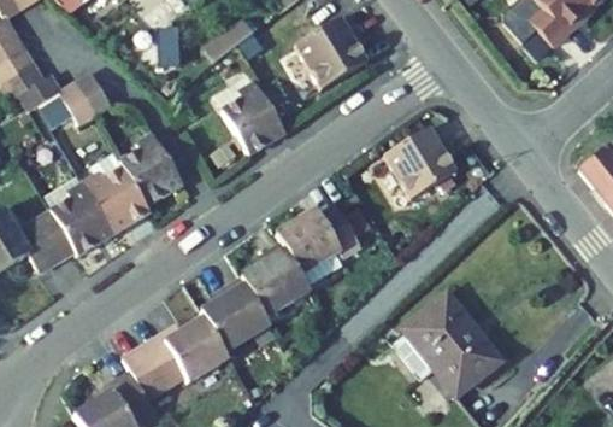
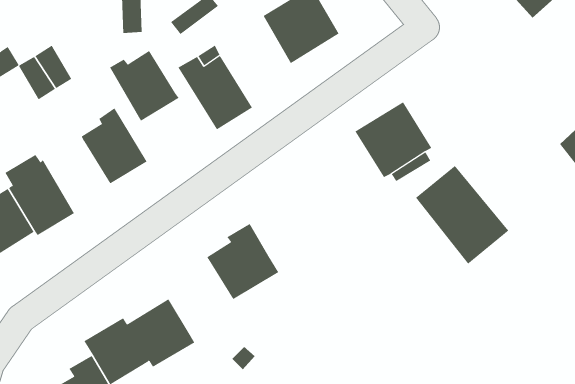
building: [83,165,151,234] -> [109,50,179,122]
building: [275,204,360,275] -> none
building: [200,279,270,352] -> none
building: [406,298,496,393] -> [415,165,509,264]

